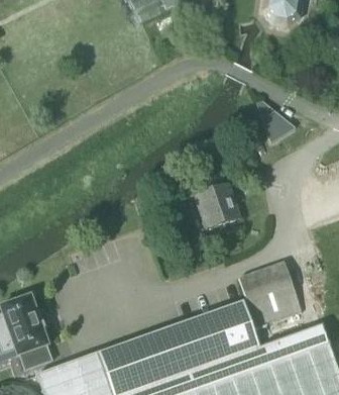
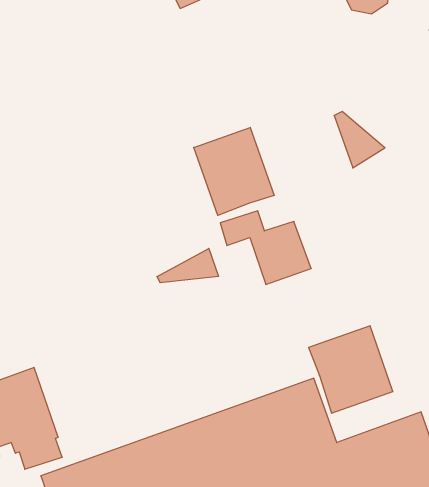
building: none -> [194,127,274,215]
building: none -> [157,248,219,283]

